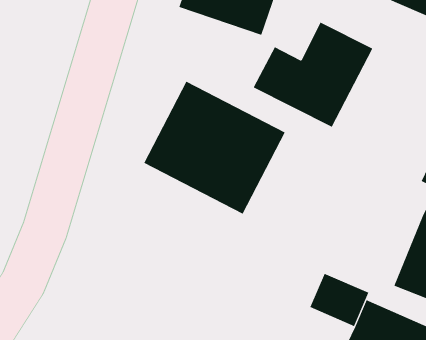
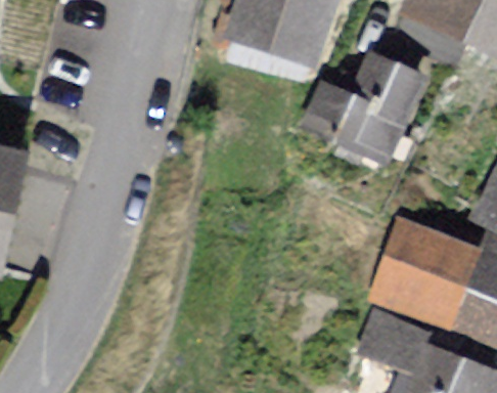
building: [143,81,286,215] -> none
building: none -> [373,223,478,326]

